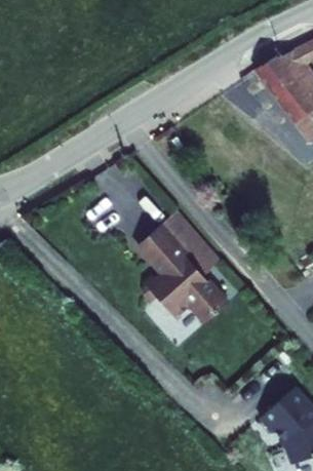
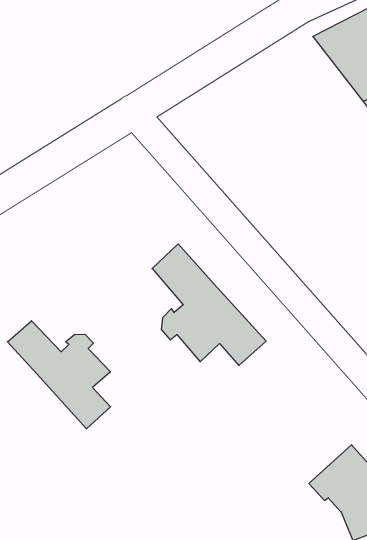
building: [153,212,199,260] -> none
building: none -> [7,321,111,429]

